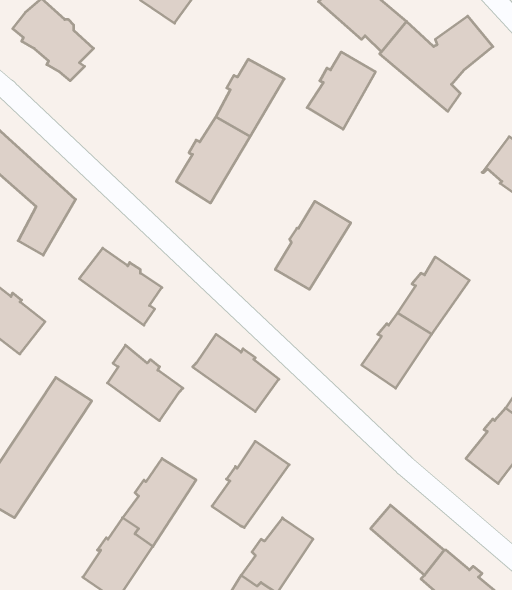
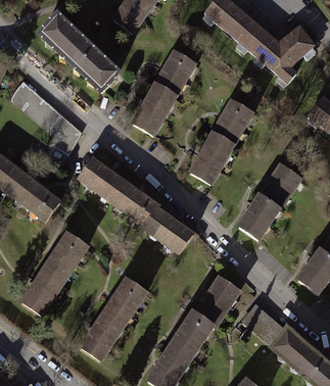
building: none -> [74,46,117,91]
building: [307,52,375,129] -> [213,101,251,145]
building: [107,345,183,421] -> [115,182,158,225]
building: [212,441,289,528] -> [195,277,239,326]

